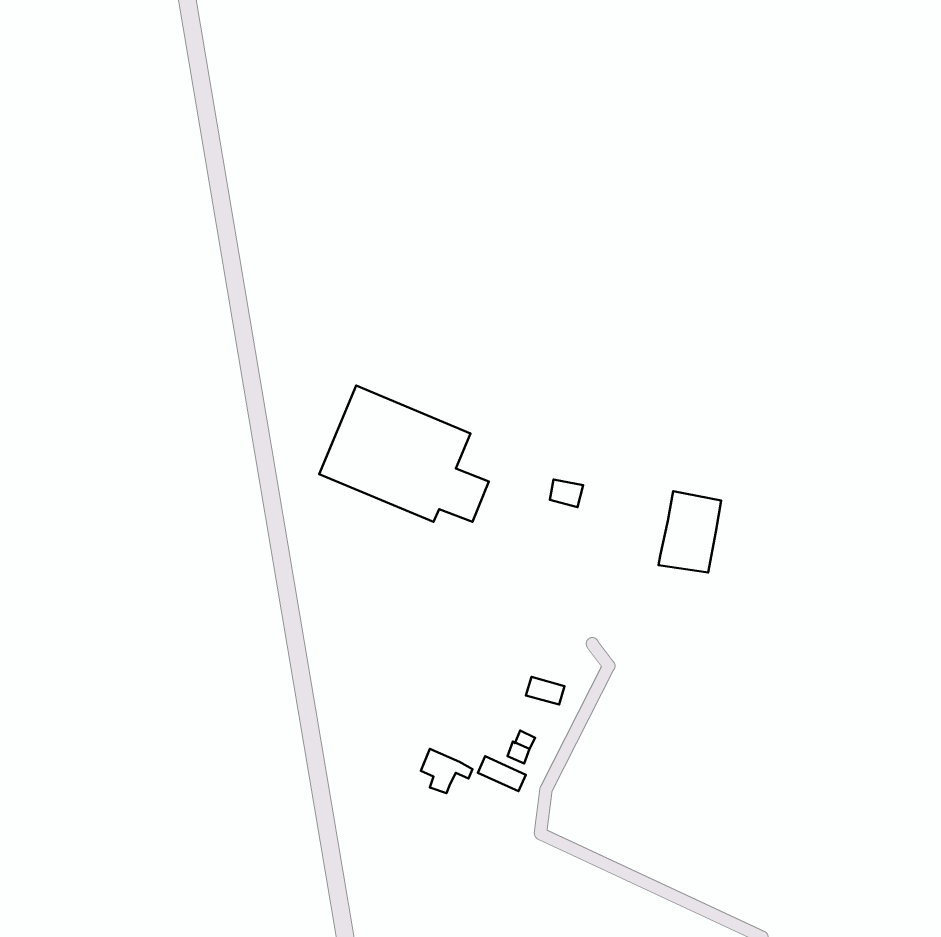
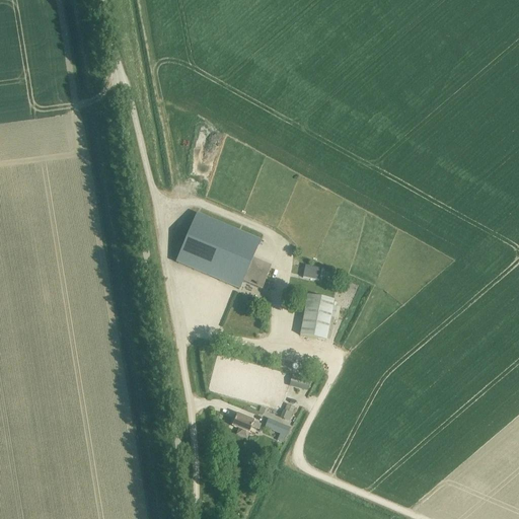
building: [658,491,721,572] -> [298,293,332,338]

